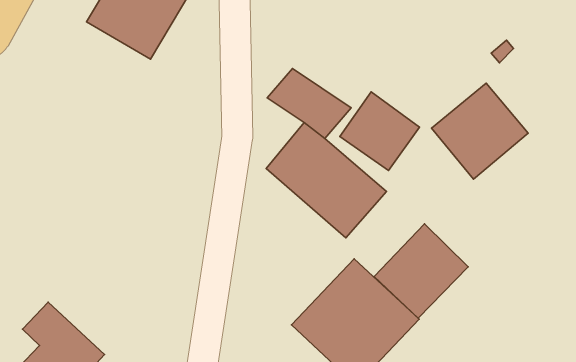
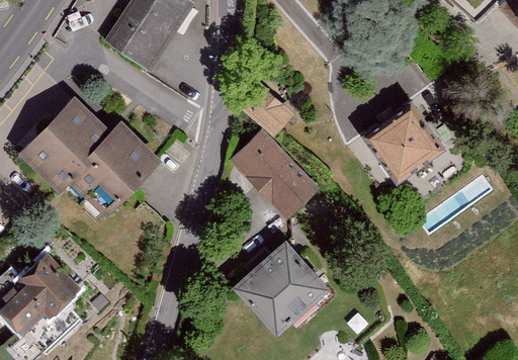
building: [340,92,420,170] -> none
building: none -> [25,97,164,216]
building: [374,224,468,318] -> none

